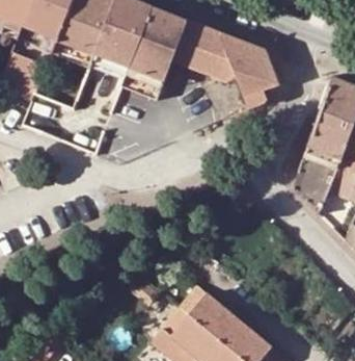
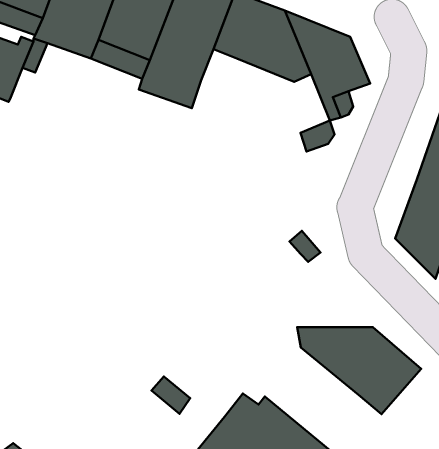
building: none -> [297,327,421,414]

